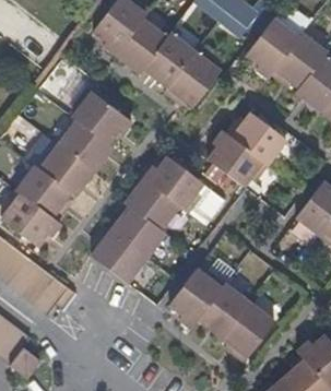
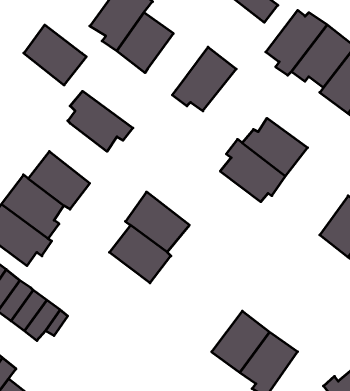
building: [144,32,198,88] -> none
building: [57,118,113,171] -> [24,25,86,85]
building: [143,157,203,213] -> none
building: [93,229,146,284] -> none
building: [174,270,228,328] -> none

